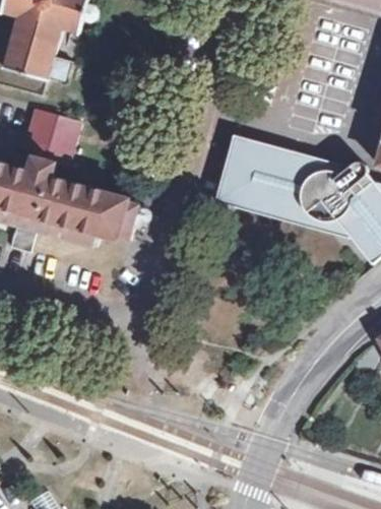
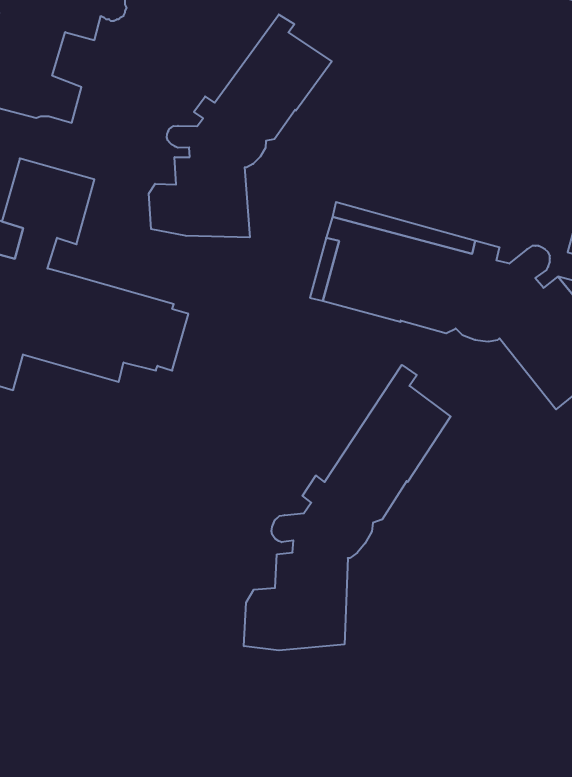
building: none -> [149,14,332,237]
building: none -> [244,365,451,650]

